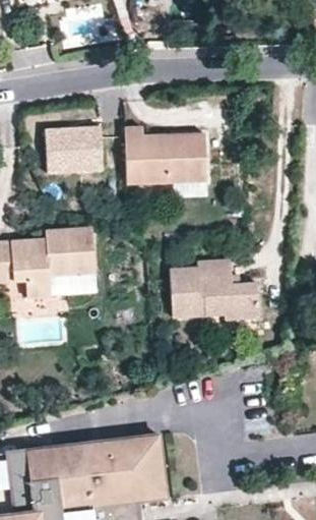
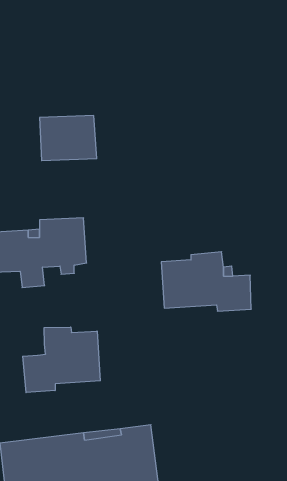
building: [125,125,205,183] -> none
building: none -> [23,327,100,393]

